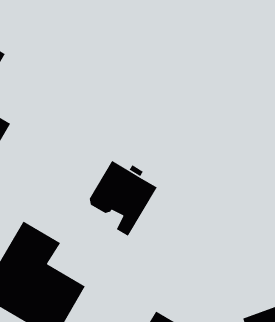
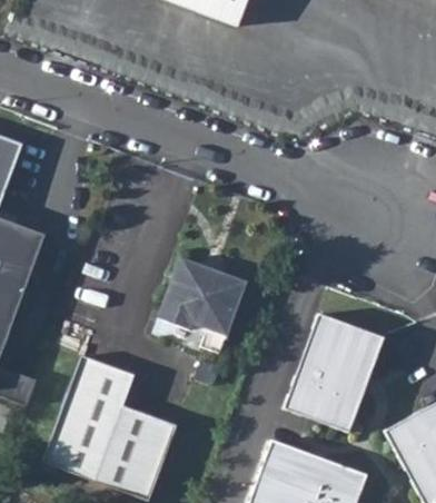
building: none -> [284,314,385,433]

